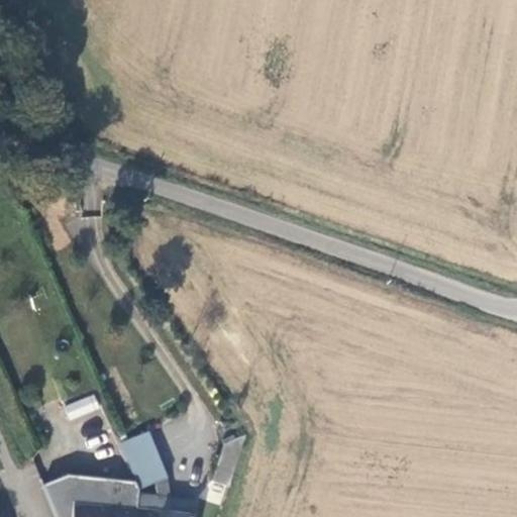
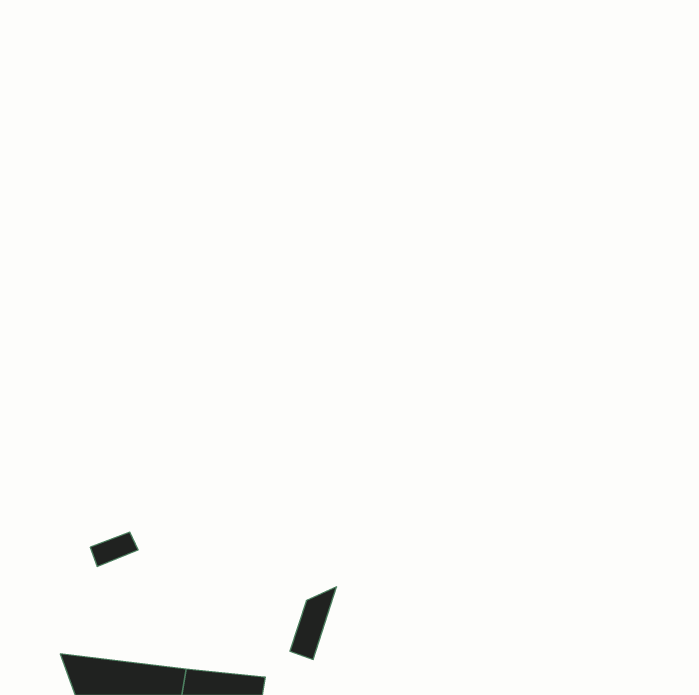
building: [118,430,167,489] -> none

